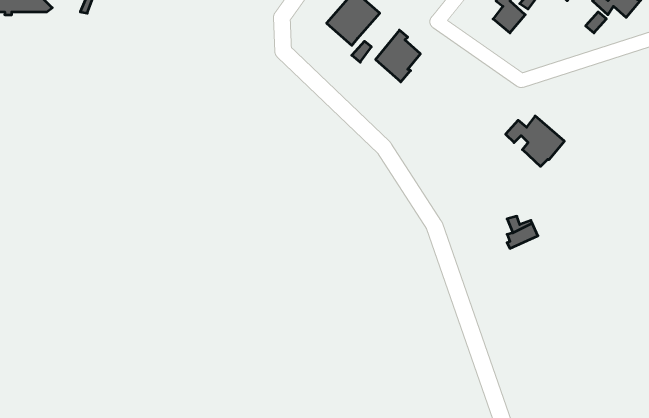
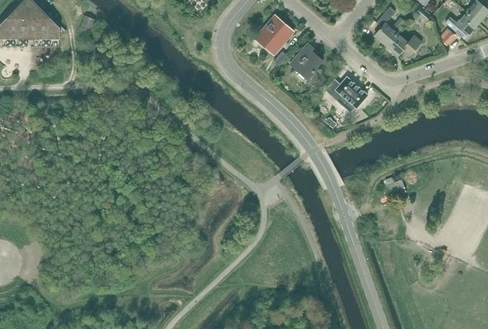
building: none -> [386,33,421,56]
building: [506,116,564,166] -> [325,77,367,113]

